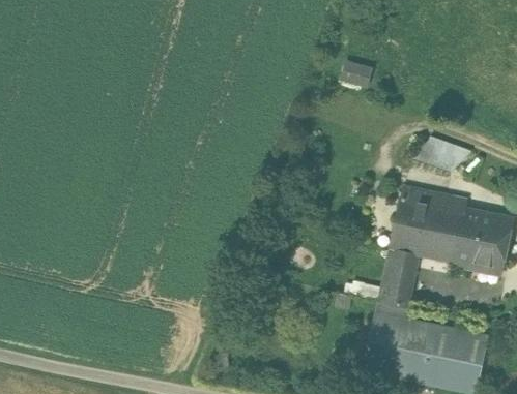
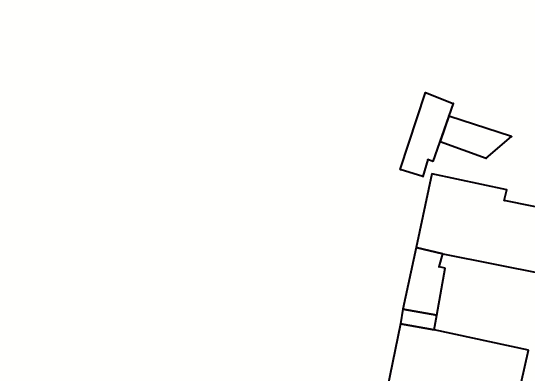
building: [340,59,373,87] -> none
building: none -> [400,93,453,177]

